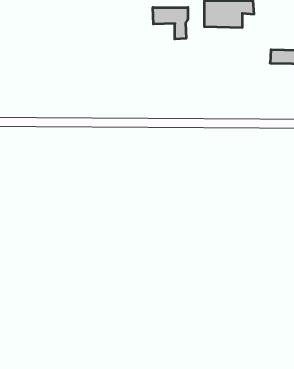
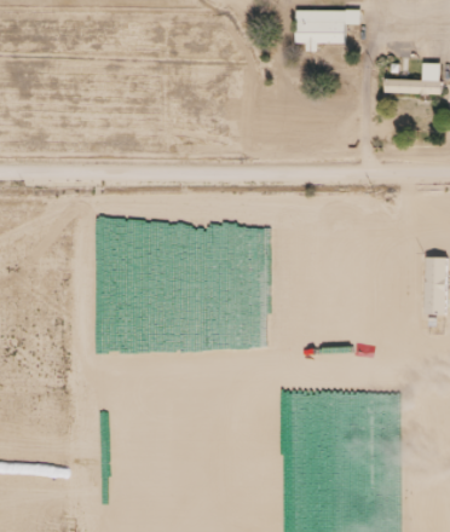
building: [153,7,188,39] -> none

